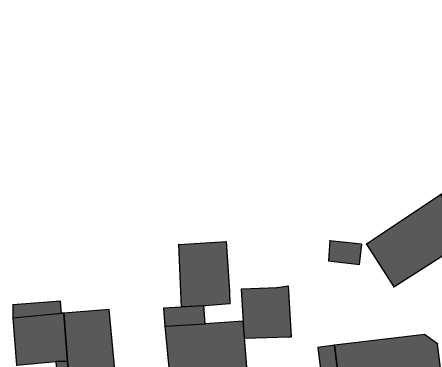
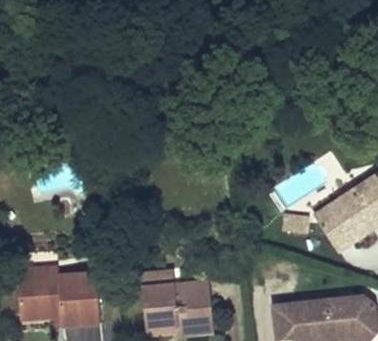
building: [179,242,230,307] -> none
building: [242,286,291,339] -> none

